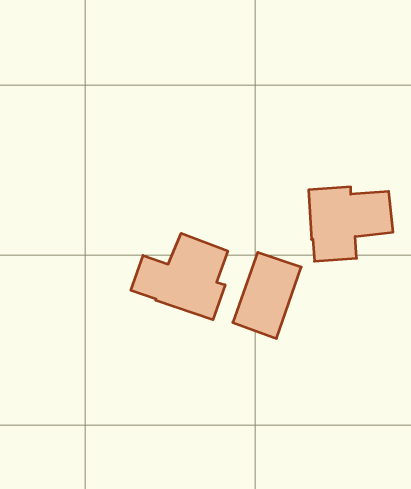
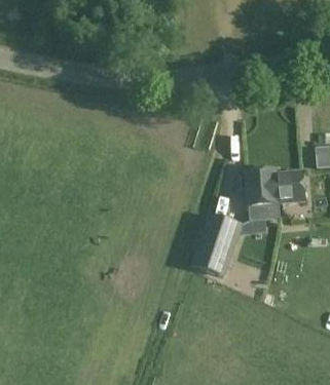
building: [131,233,228,320] -> none

